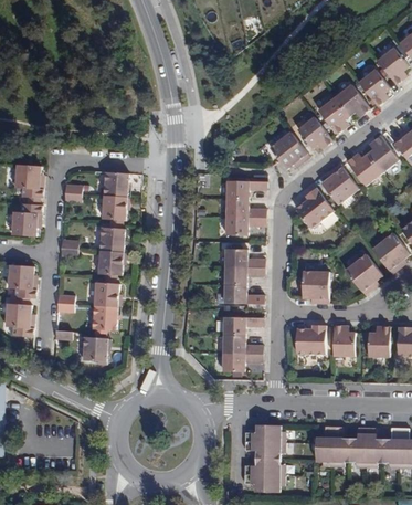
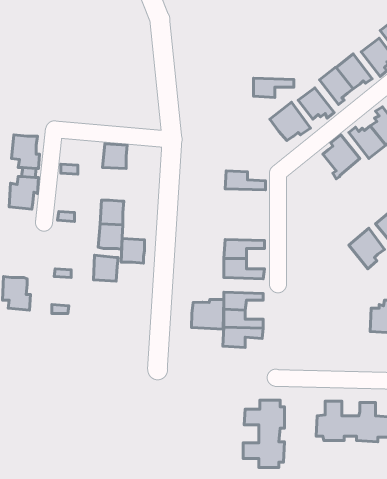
building: [225,181,265,200] -> [254,78,294,97]
building: [295,187,332,228] -> none
building: [103,196,127,221] -> none
building: [224,217,264,235] -> none
building: [224,249,263,267] -> none
building: [8,266,35,298] -> none
building: [300,274,326,303] -> none
building: [94,306,117,330] -> [121,239,145,263]
building: [297,325,326,358] -> none
building: [331,325,352,357] -> none
building: none -> [191,299,224,329]
building: [83,337,106,361] -> none

